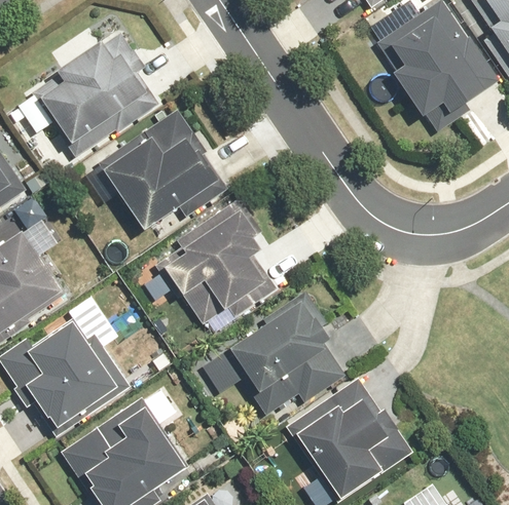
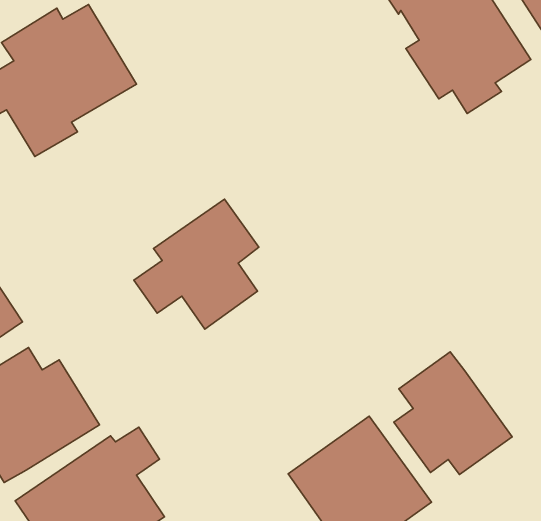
building: [97,109,230,230] -> none
building: [227,300,346,411] -> none
building: none -> [394,352,512,474]

